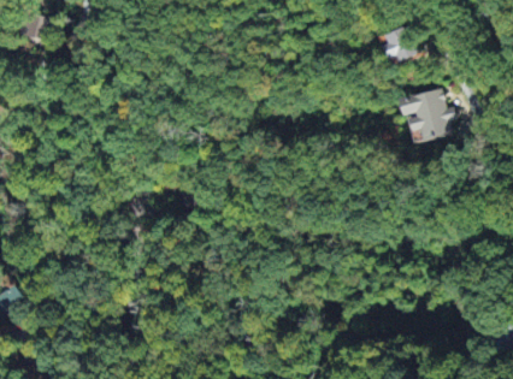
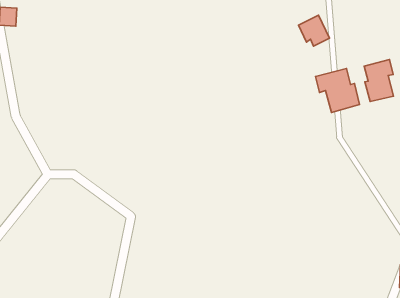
building: none -> [364,60,393,101]

